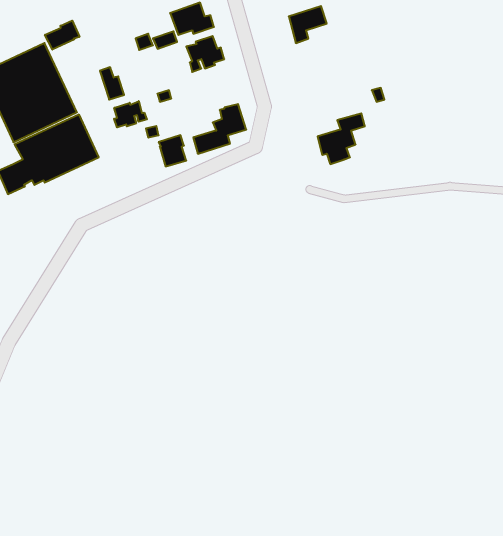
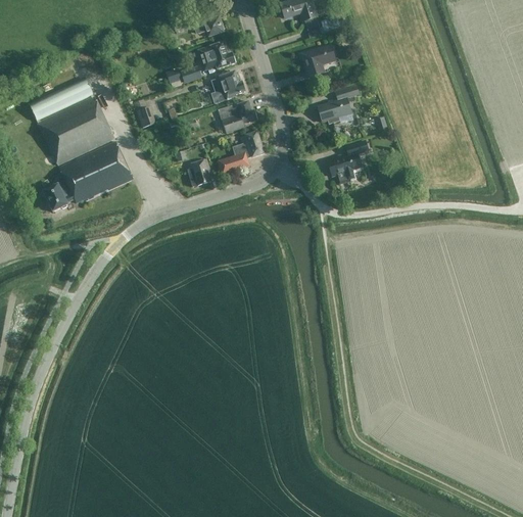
building: [45,21,79,50] -> none
building: none -> [318,85,360,125]
building: none -> [219,101,257,134]
building: [114,101,147,127] -> none

